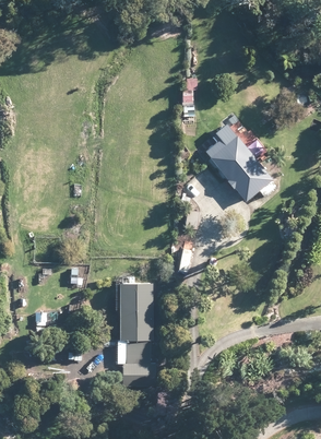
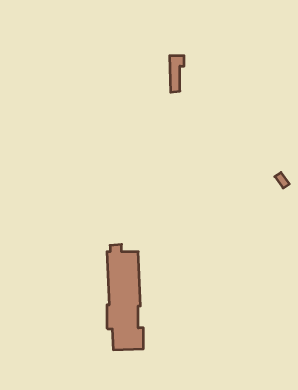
building: [204,123,269,198] -> none

